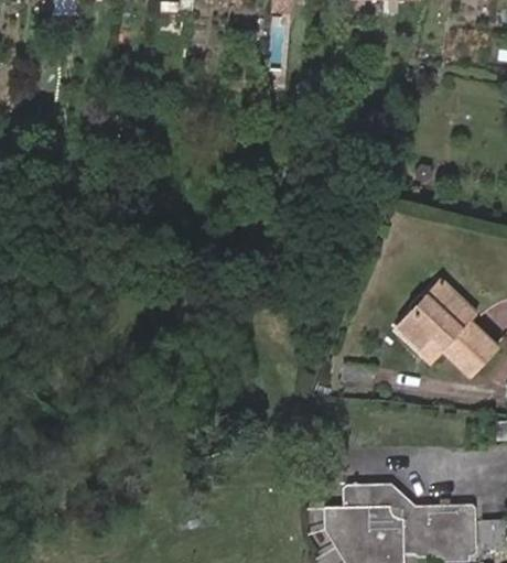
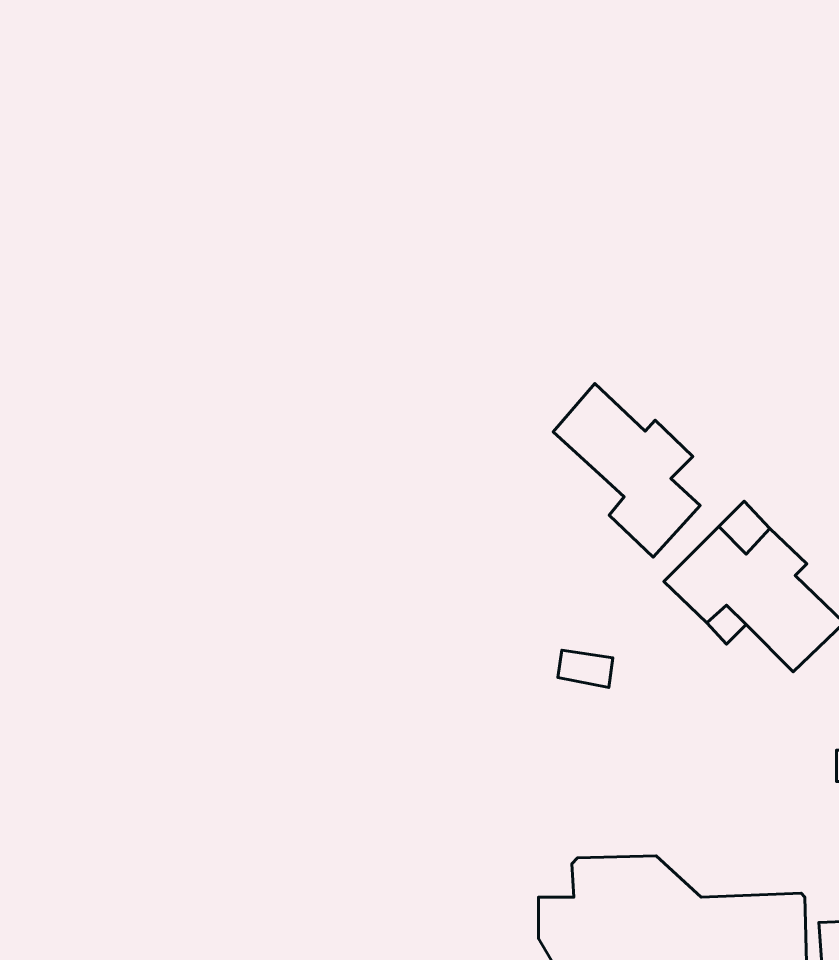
building: none -> [553,384,700,557]

